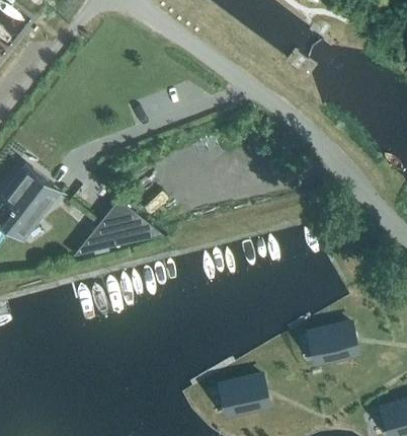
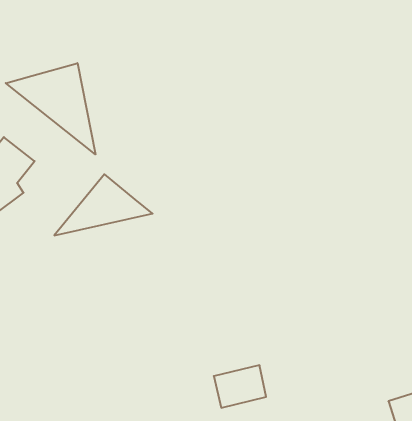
building: none -> [6,63,96,154]
building: [309,324,357,363] -> none

